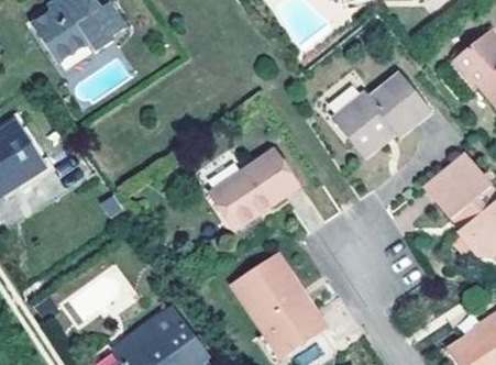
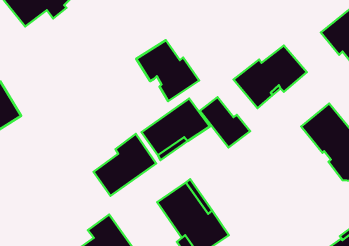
building: none -> [136,40,199,101]
building: none -> [200,97,250,147]
building: none -> [94,134,156,196]

